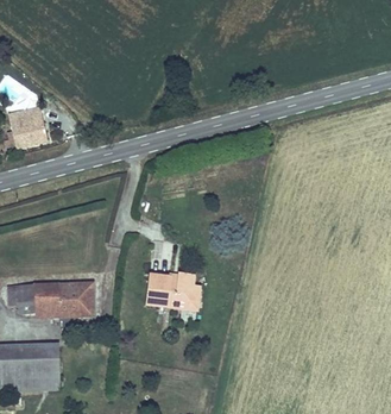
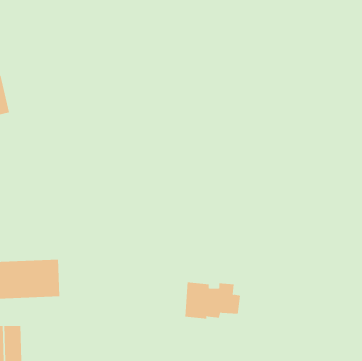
building: [147,272,201,308] -> [184,282,241,319]

